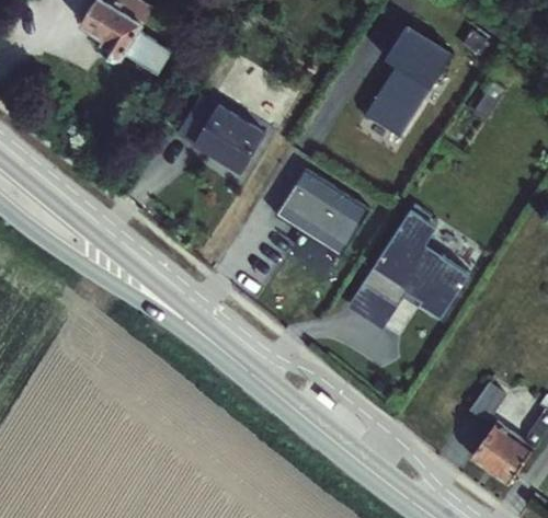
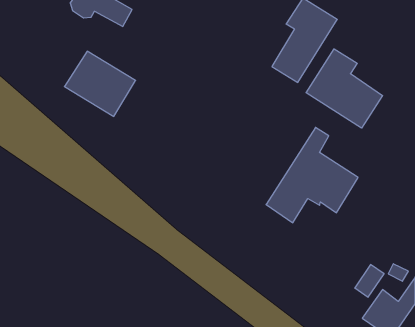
building: [178,87,271,172] -> [64,51,136,116]
building: none -> [306,49,383,128]
building: [271,181,363,267] -> none

